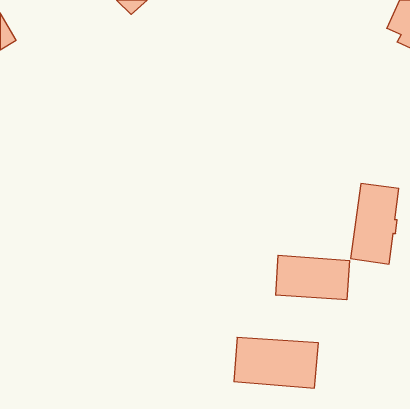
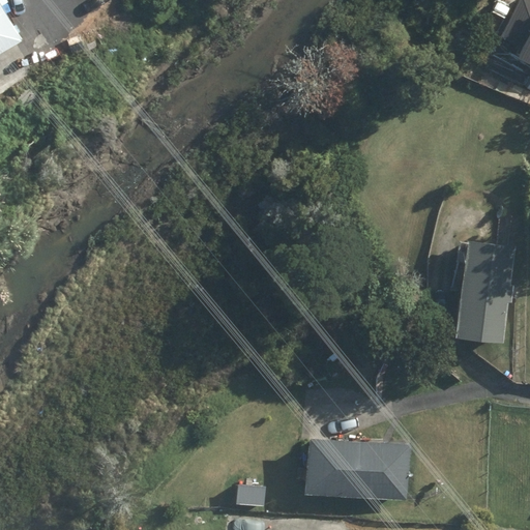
building: [276,255,350,300] -> none

